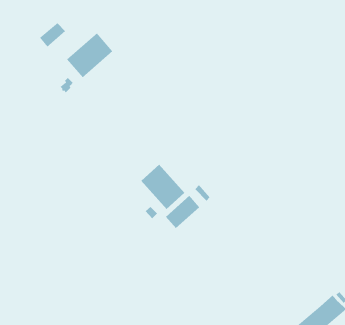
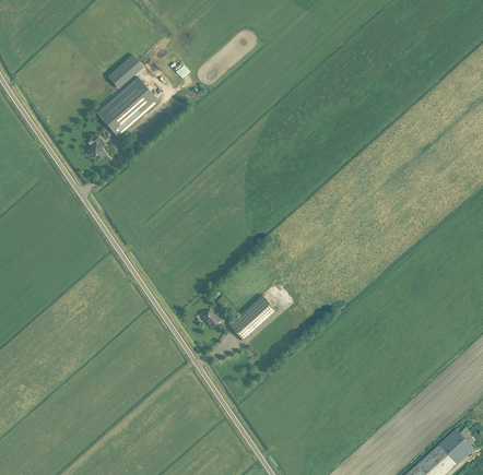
building: [39,22,66,48] -> [107,55,143,88]
building: [141,164,185,210] -> none

